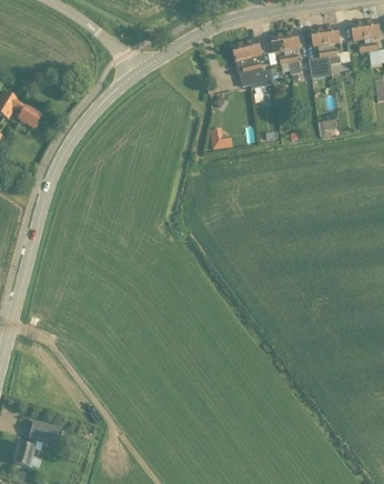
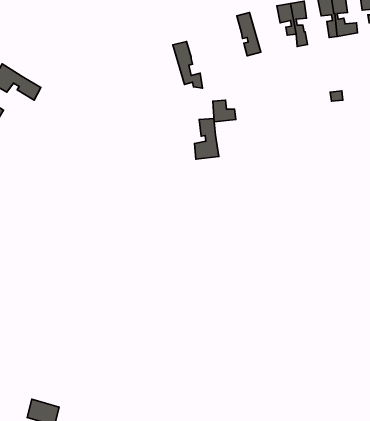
building: [244,39,273,84] -> [173,41,203,88]
building: none -> [194,118,219,159]

